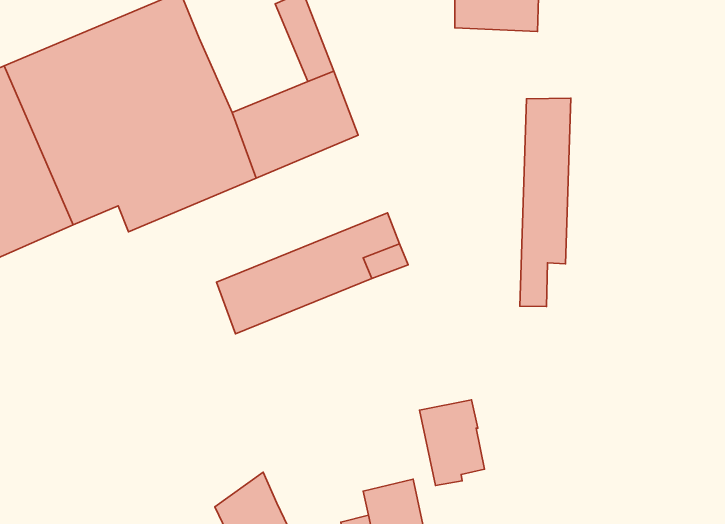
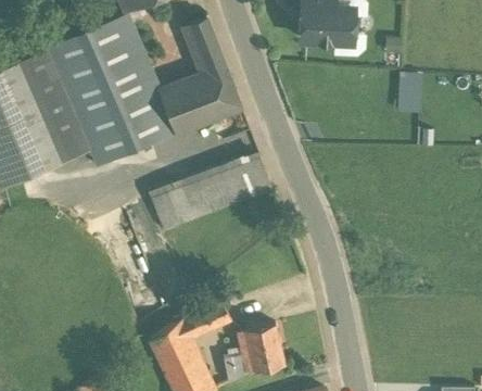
building: none -> [396,73,420,106]
building: [520,98,571,307] -> none
building: [420,400,485,485] -> none
building: none -> [180,300,230,338]

